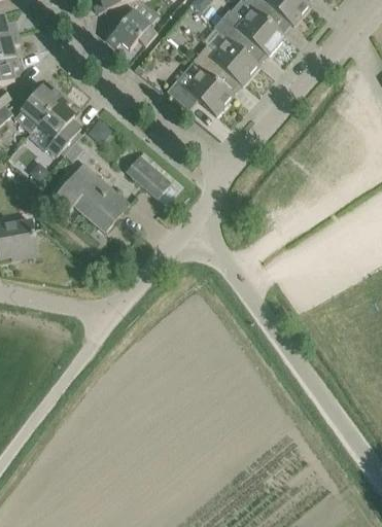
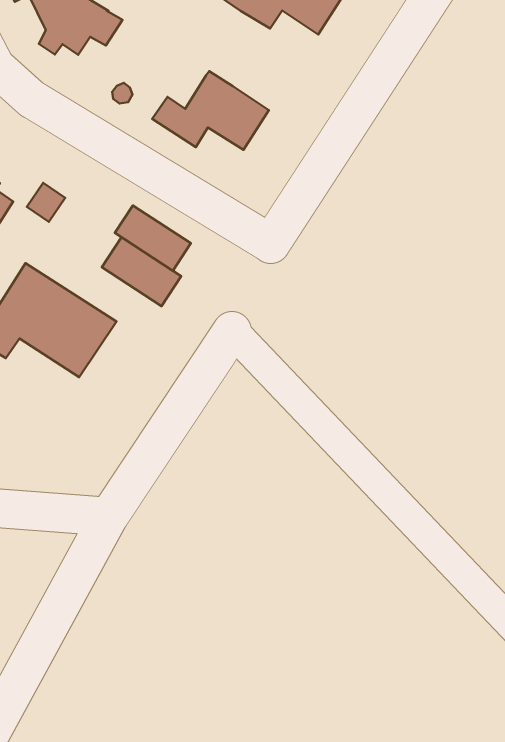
building: [192,36,258,85] -> none
building: none -> [115,205,191,271]

